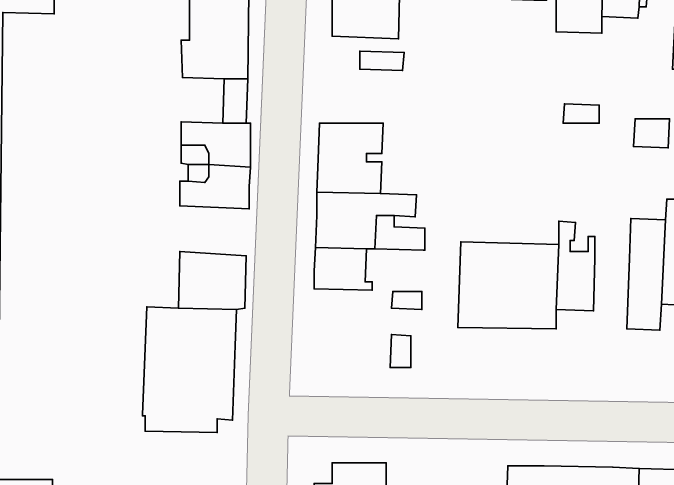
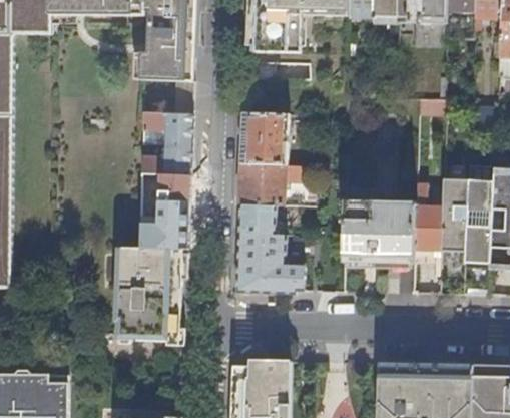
building: none -> [140,173,190,210]
building: none -> [439,181,467,263]
building: none -> [235,234,286,292]

